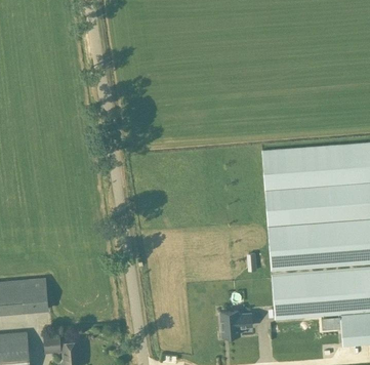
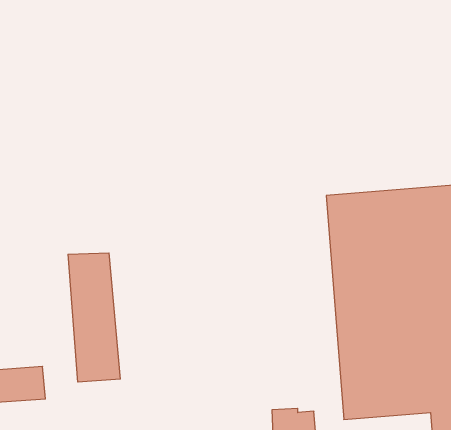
building: none -> [68,253,120,382]

